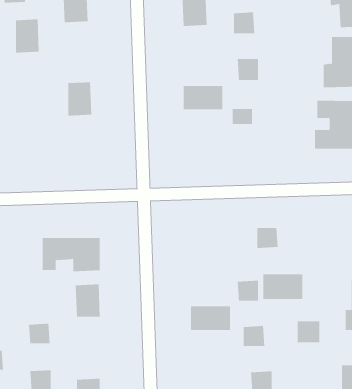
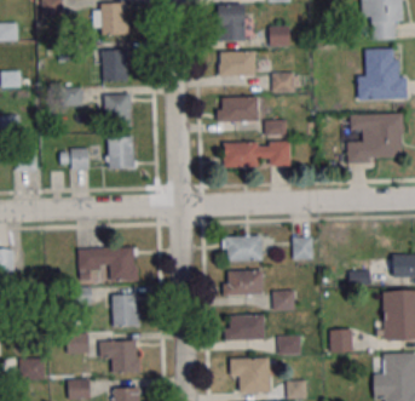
building: [15,19,40,53] -> [103,48,127,82]
building: none -> [220,51,257,75]
building: none -> [108,136,133,168]
building: none -> [225,141,292,166]
building: none -> [62,148,90,168]
building: none -> [225,234,263,259]
building: [263,274,303,299] -> [225,270,265,296]
building: none -> [111,339,137,373]
building: none -> [232,357,272,391]

